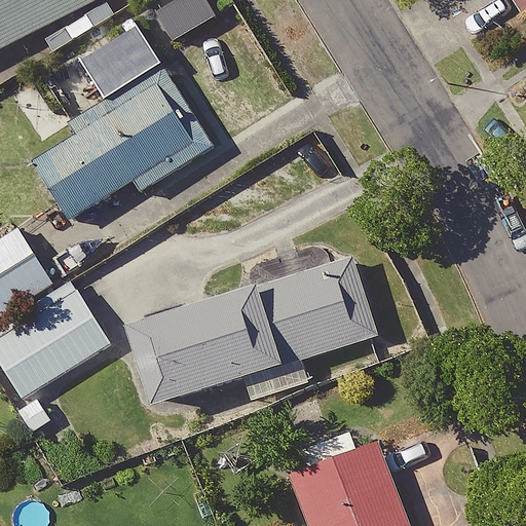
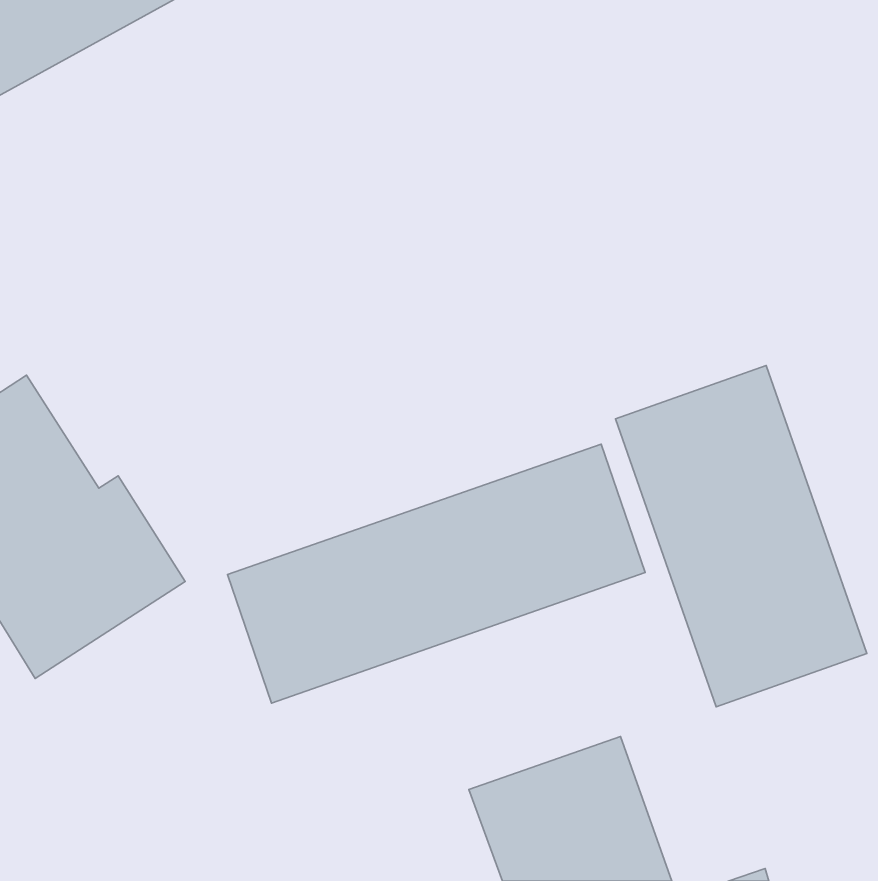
building: [31,20,215,220] -> none
building: none -> [615,365,867,707]

